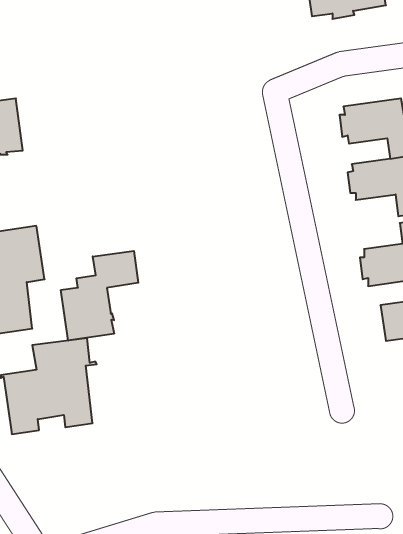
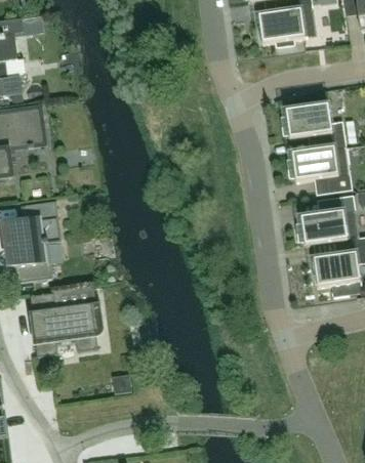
building: [61,251,138,341] -> none

